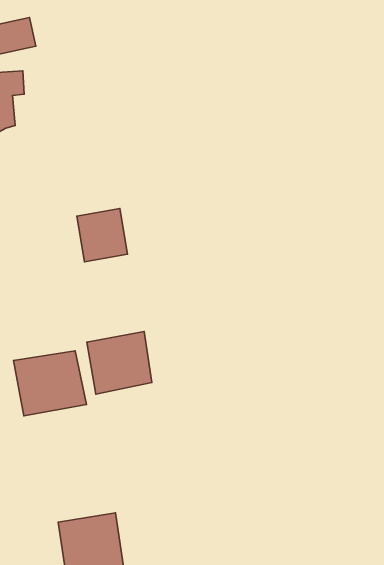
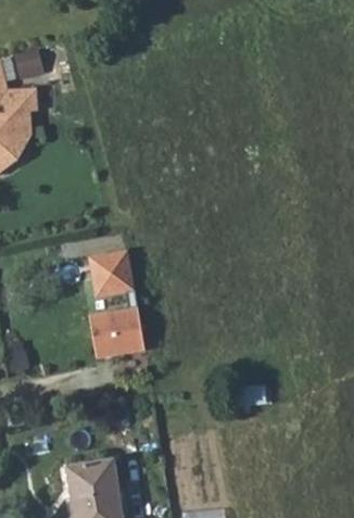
building: [77,208,128,262] -> [90,250,132,294]
building: [14,351,86,416] -> none

